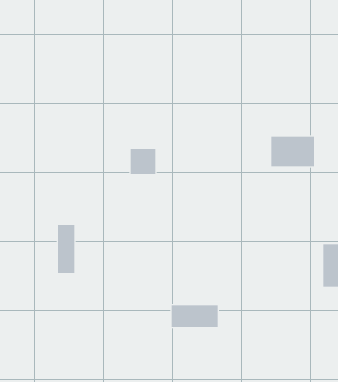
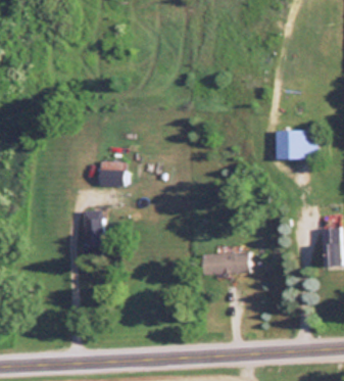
building: [130,148,156,174] -> [99,161,122,185]
building: [171,305,218,328] -> [203,253,246,274]

